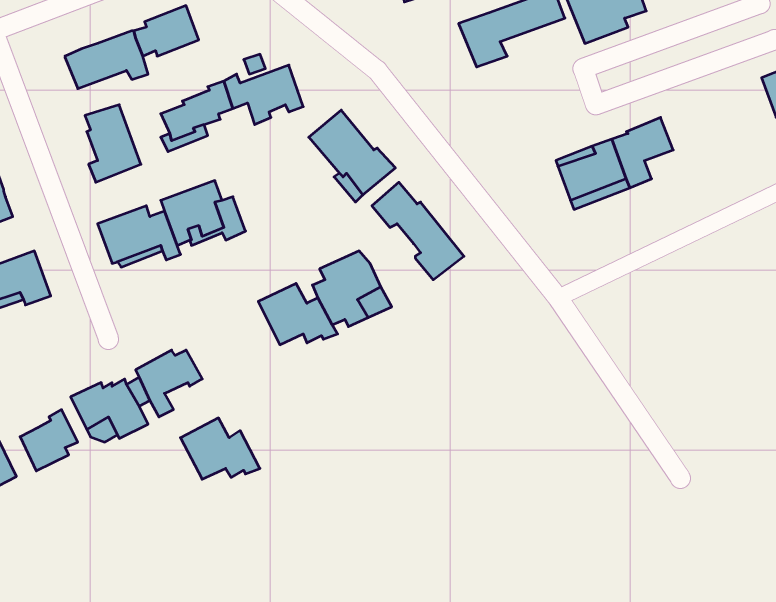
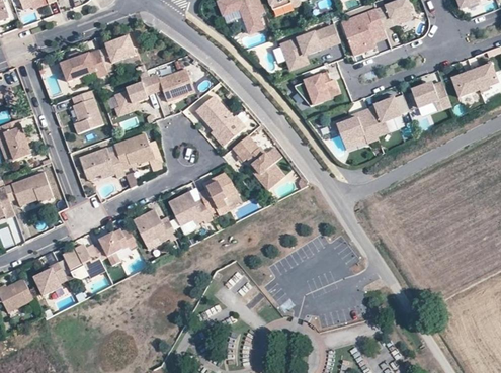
building: none -> [295,74,339,107]
building: none -> [411,83,450,111]
building: [180,418,260,479] -> [133,209,177,244]

